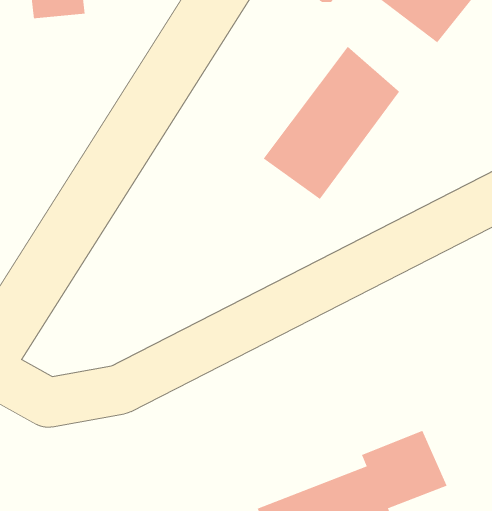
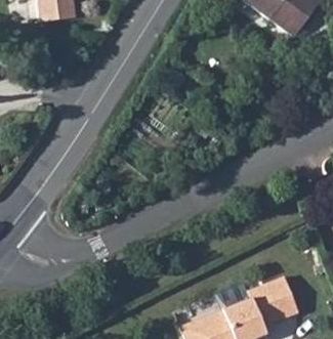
building: [263,46,401,200] -> none

